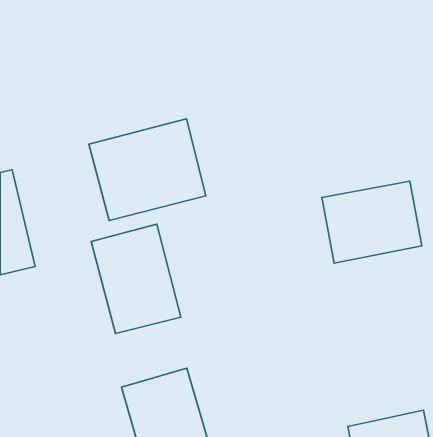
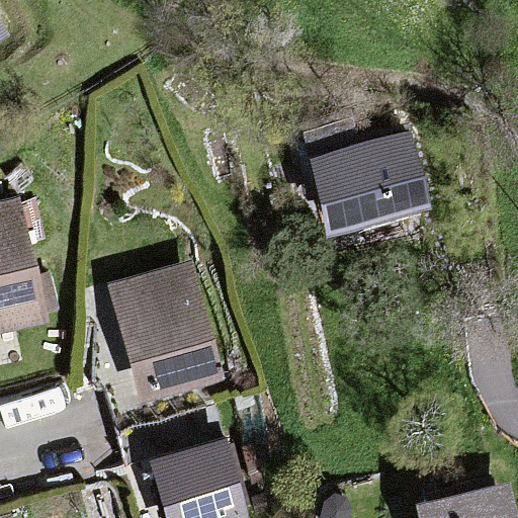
building: [89,119,206,221] -> none
building: [322,181,422,263] -> [310,132,427,228]

